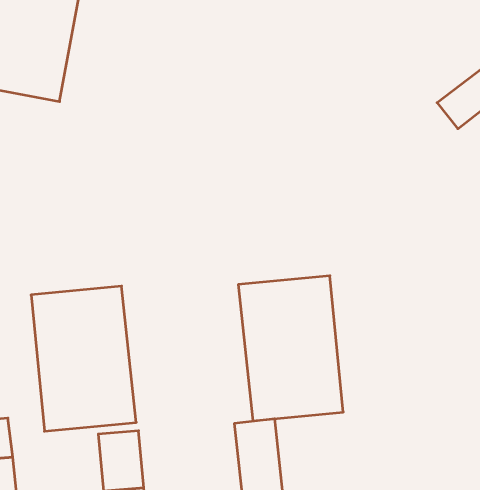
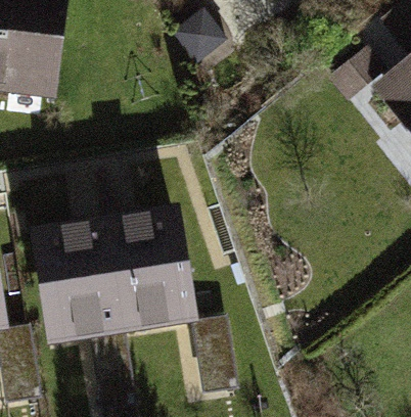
building: [238,276,343,421] -> [104,222,187,332]

